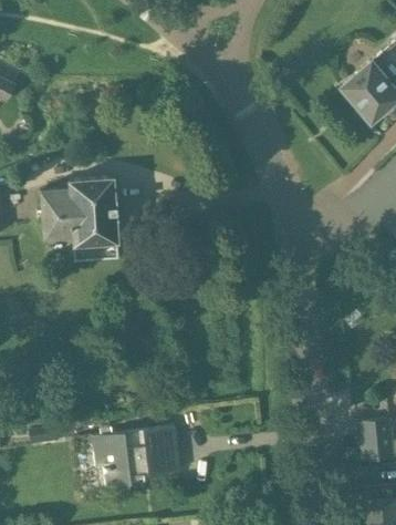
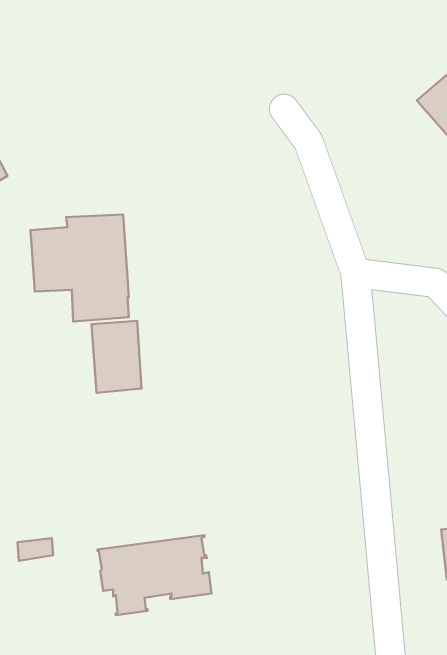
building: none -> [91,321,141,393]

